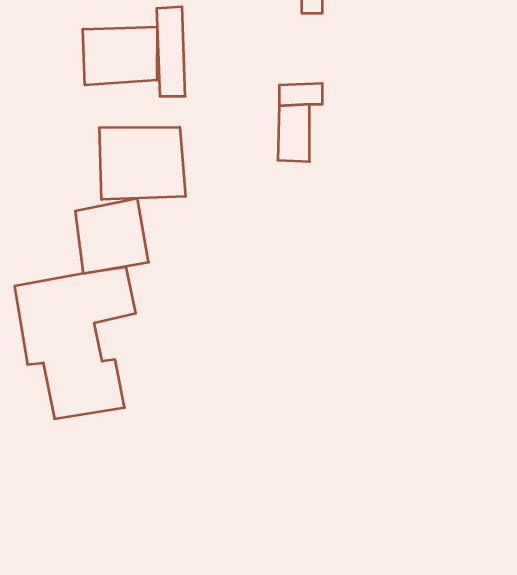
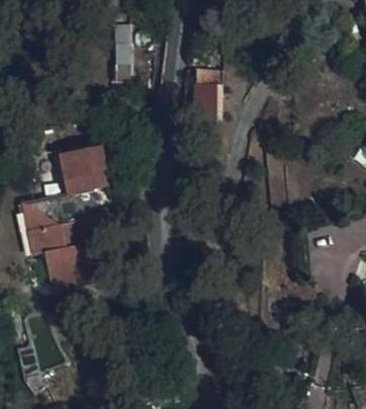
building: [83,27,157,85] -> none
building: [99,127,185,200] -> none

